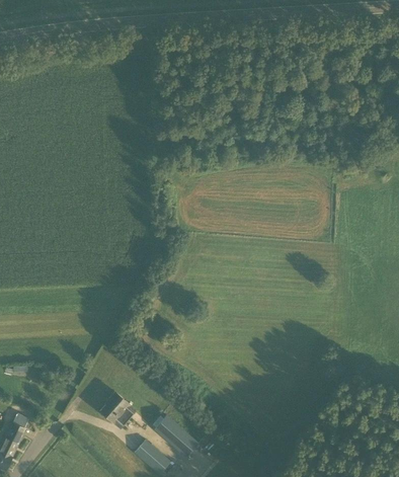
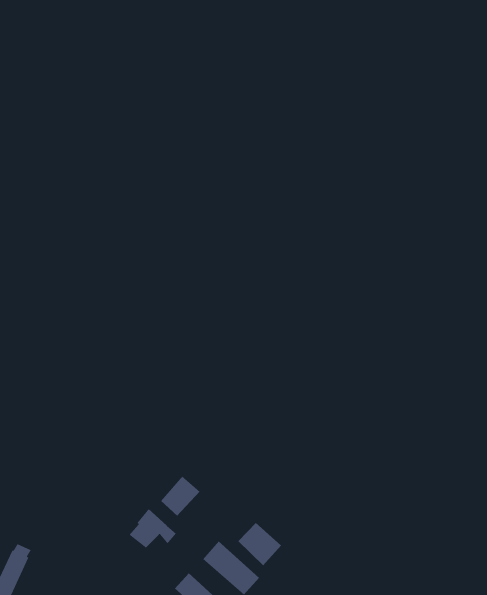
building: none -> [160,476,201,517]
building: none -> [237,522,282,566]

